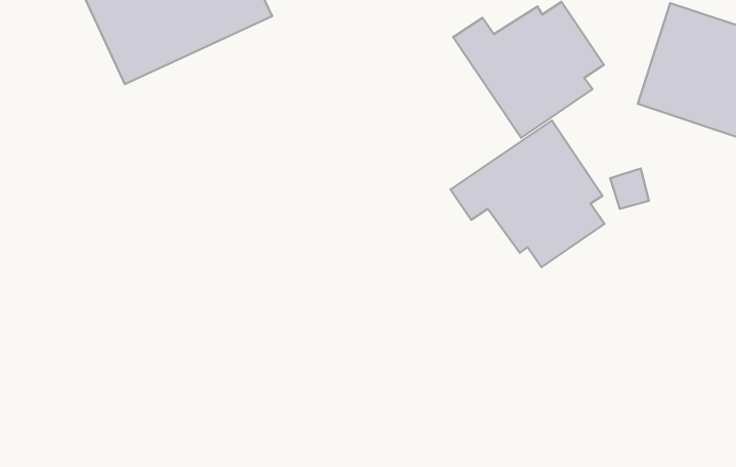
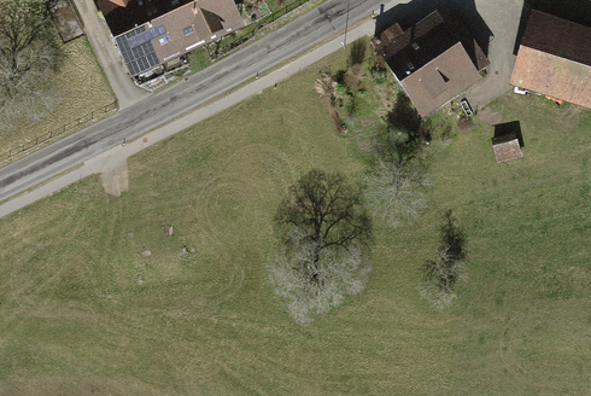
building: [450,121,604,267] -> none

